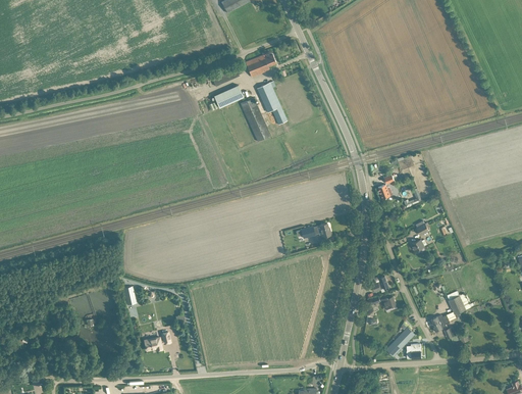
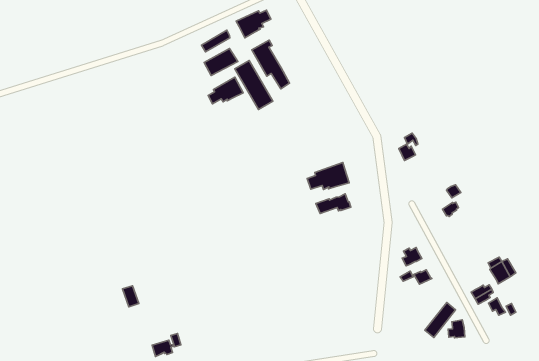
building: none -> [208,77,243,104]
building: none -> [307,162,349,189]

